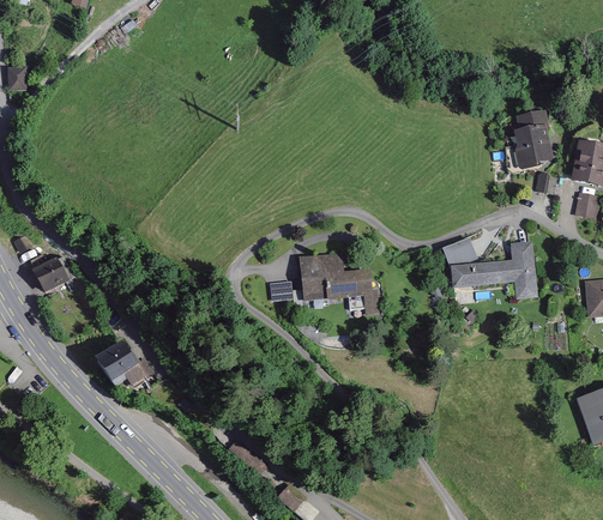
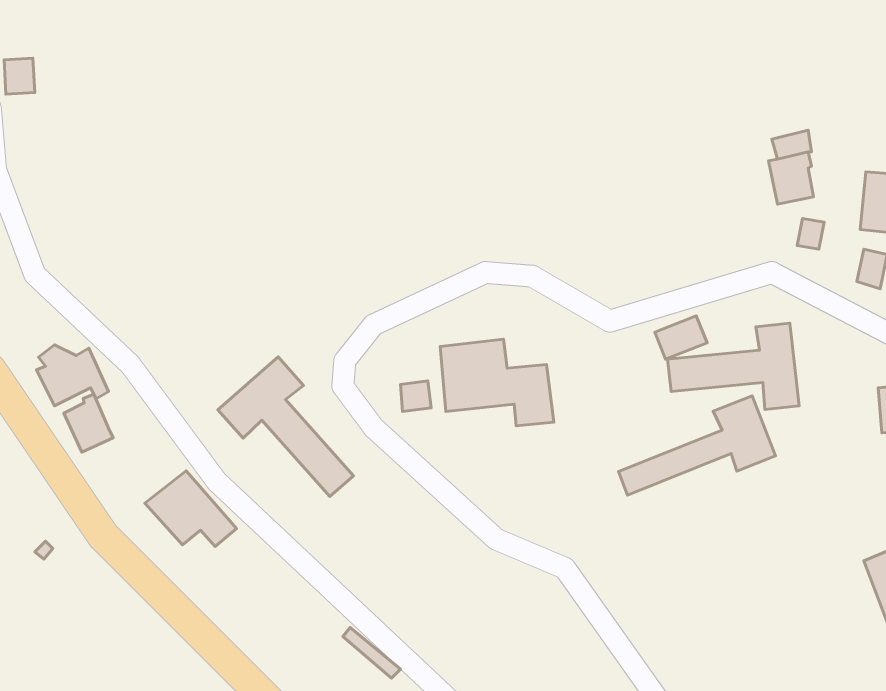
building: none -> [218,357,354,496]
building: none -> [64,394,113,452]
building: none -> [618,396,776,495]

